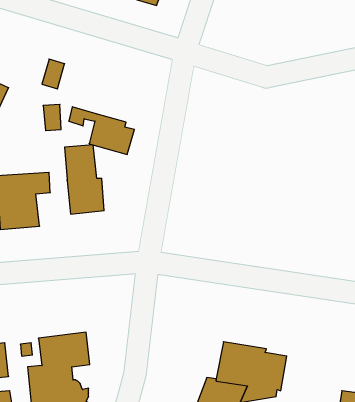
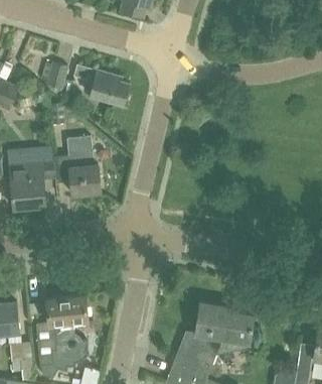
building: [69,107,134,154] -> [72,65,128,105]

